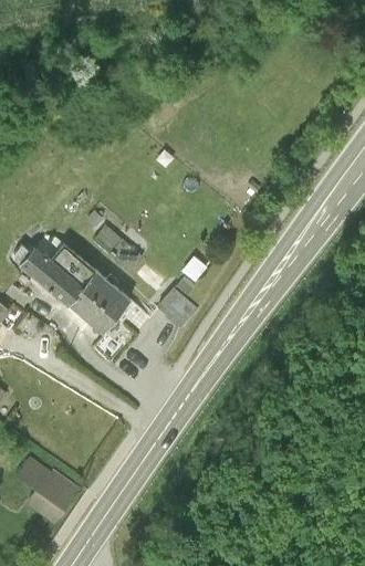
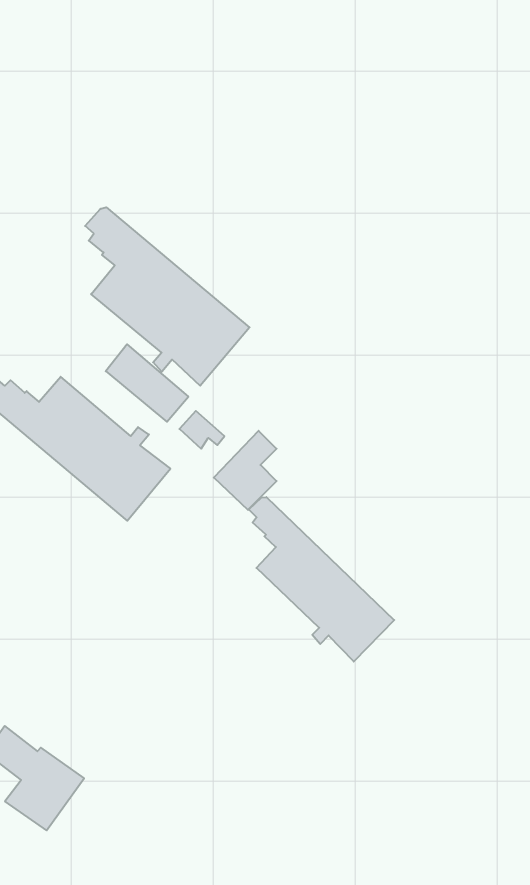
building: none -> [85,207,250,386]
building: none -> [249,497,394,662]

